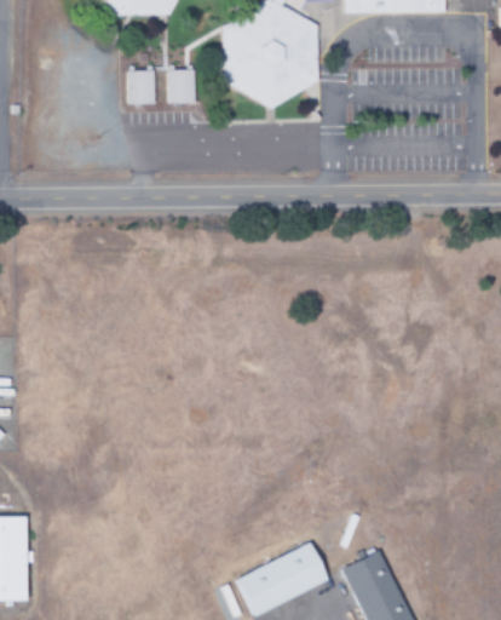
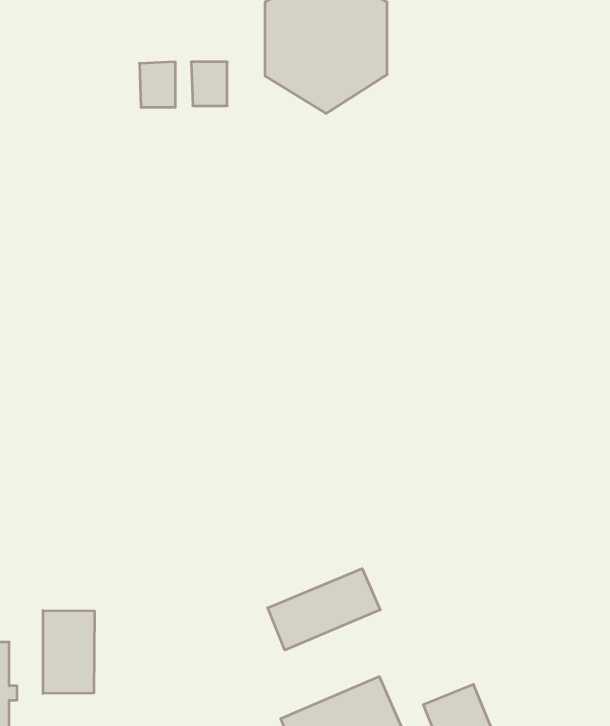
building: none -> [268,569,380,650]
building: none -> [43,610,94,694]

